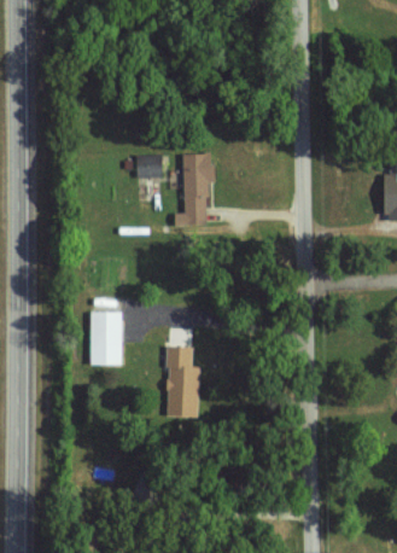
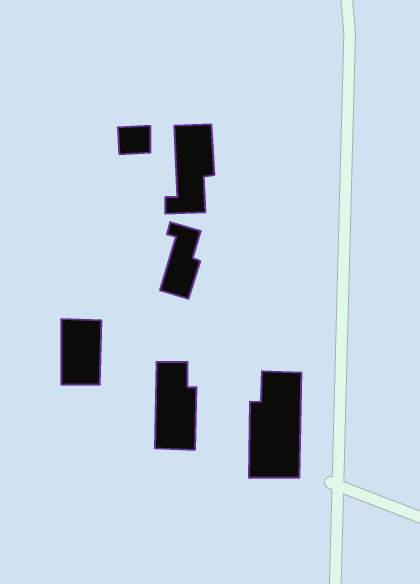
building: none -> [160,222,201,299]
building: none -> [249,371,301,478]

